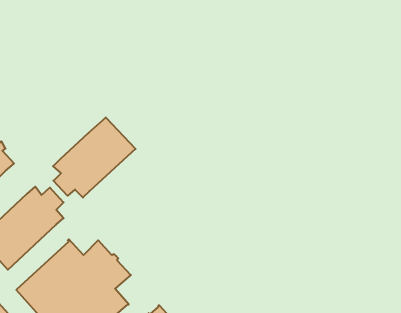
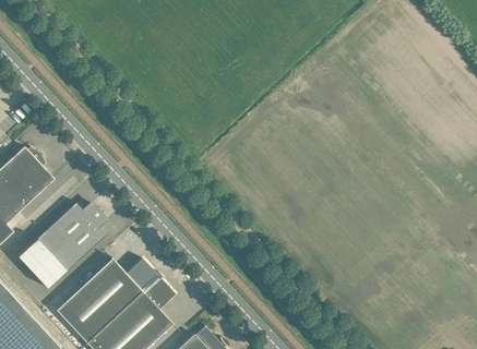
building: [53,117,136,198] -> none

